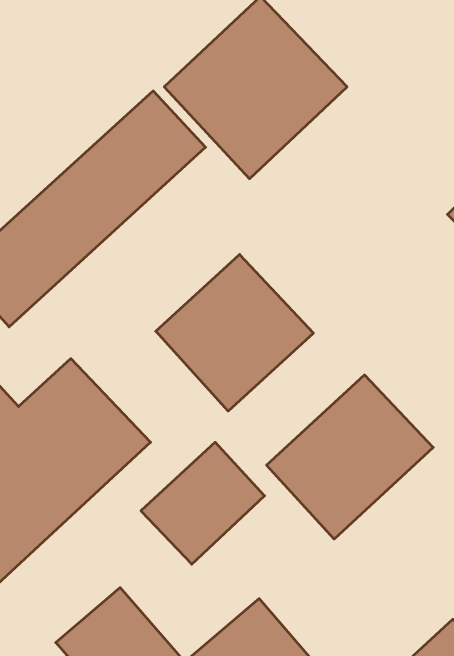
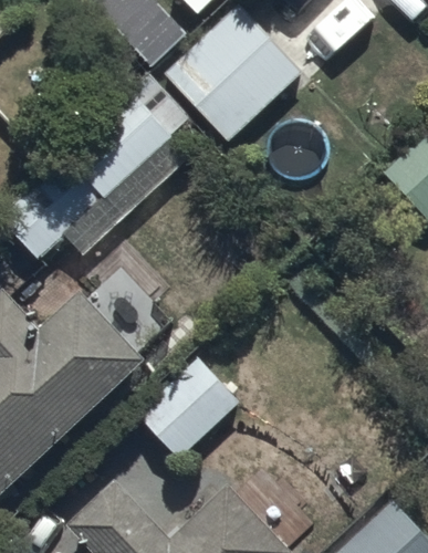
building: [156,254,313,411] -> none
building: [267,375,433,539] -> none

